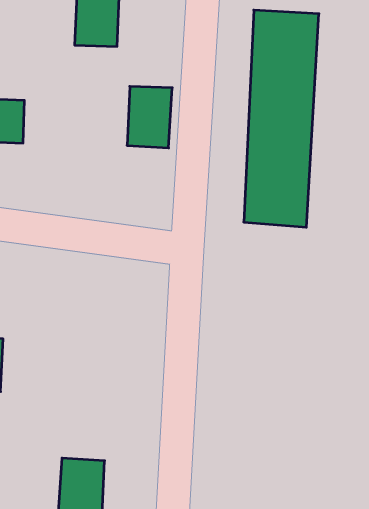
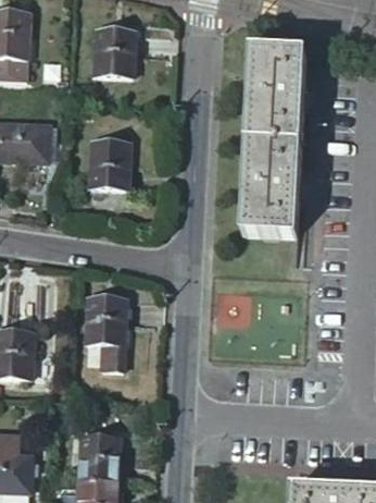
building: [127,86,172,148] -> [90,126,129,180]
building: none -> [87,297,128,370]

